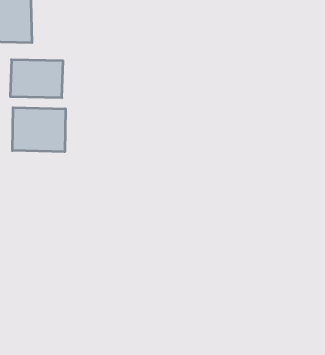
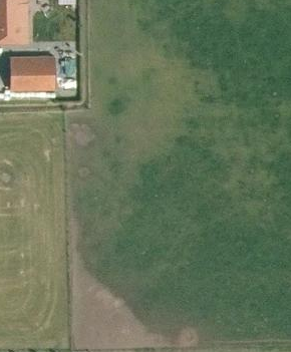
building: [12,108,65,152] -> none

